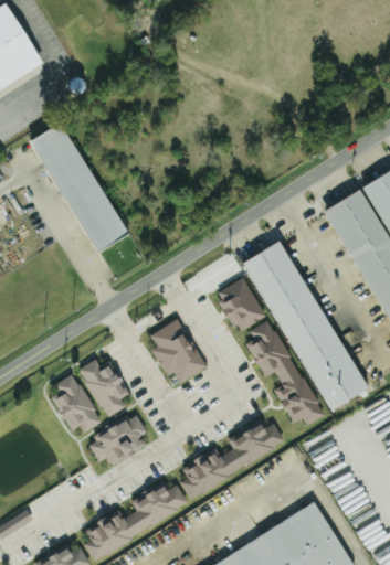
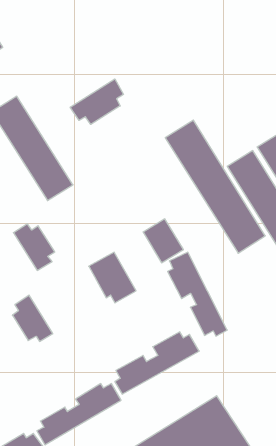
building: none -> [70,79,123,124]
building: [241,239,367,407] -> [165,120,265,253]
building: [80,359,131,417] -> [13,224,55,270]
building: [88,415,148,466] -> none

